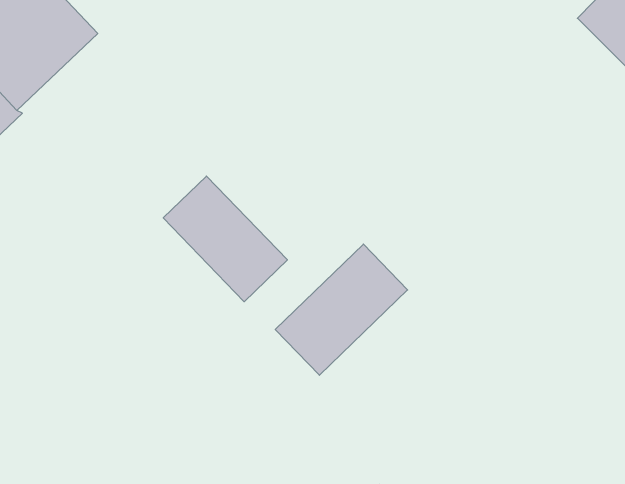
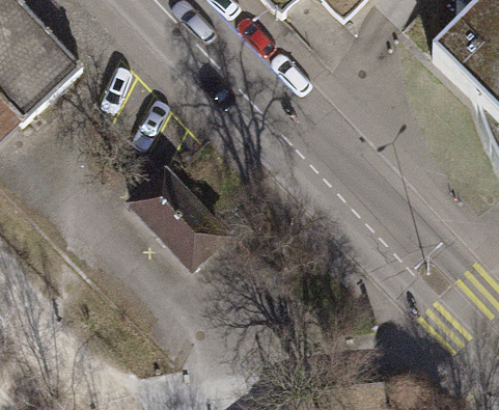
building: [275,244,408,375] -> none

